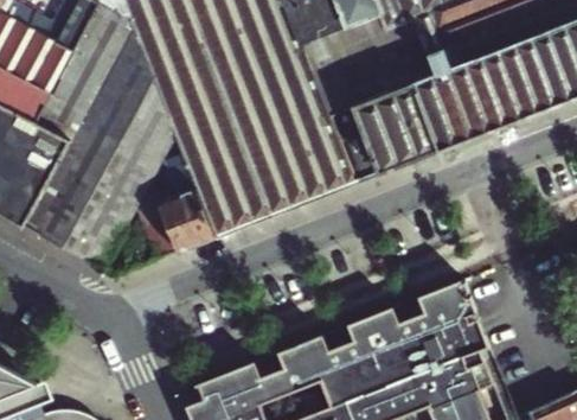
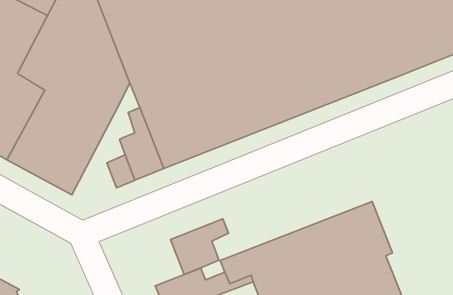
building: none -> [170,219,228,275]

